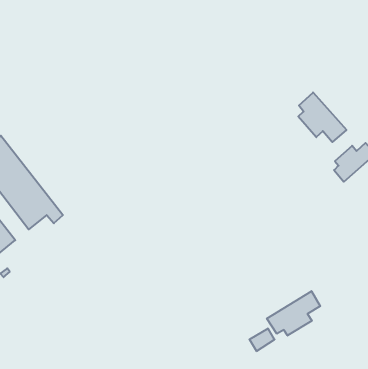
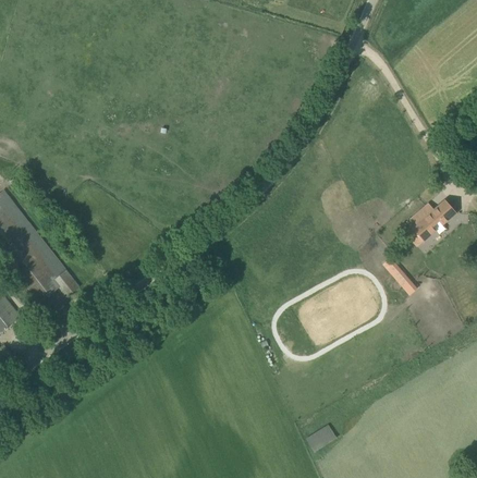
building: [298,92,346,142] -> none
building: [267,291,320,336] -> none

